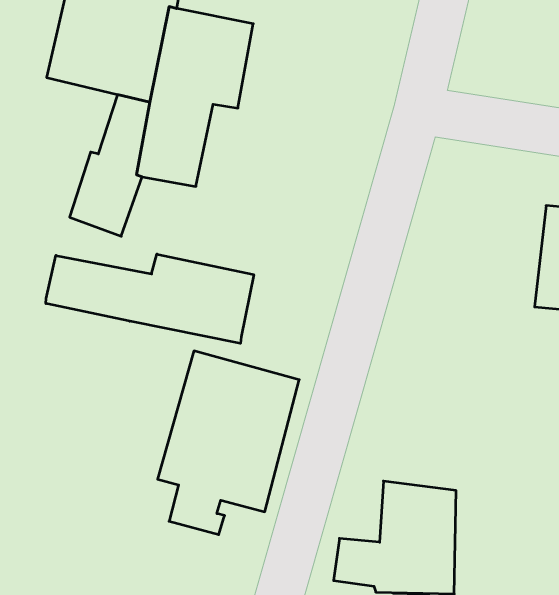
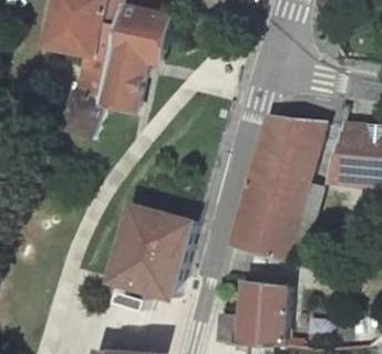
building: none -> [229,113,323,257]
building: [46,254,254,343] -> none

